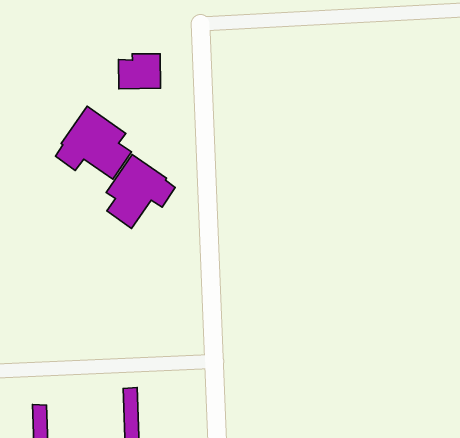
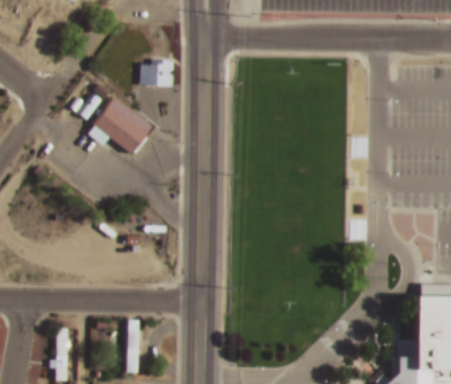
building: [106,155,175,228] -> none

